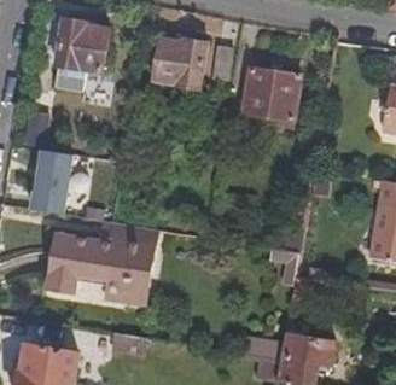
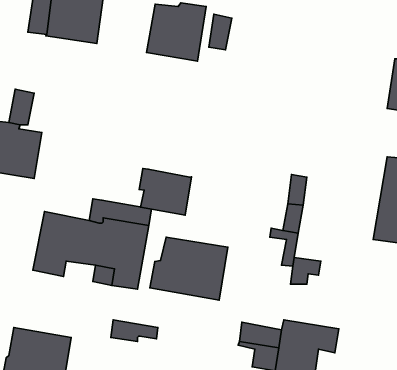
building: [243,69,302,122] -> none
building: none -> [139,169,191,215]
building: none -> [150,237,228,300]

